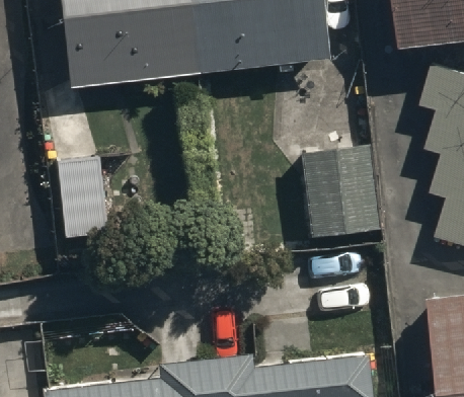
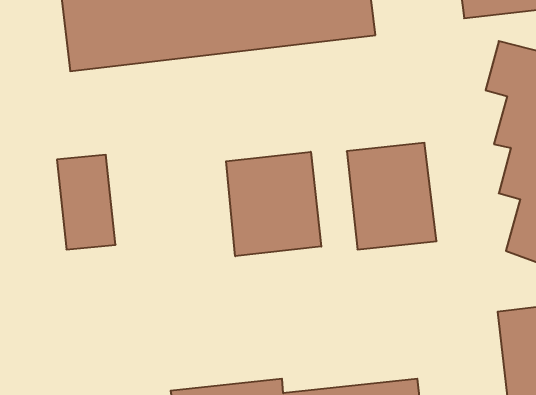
building: none -> [226,152,321,256]

